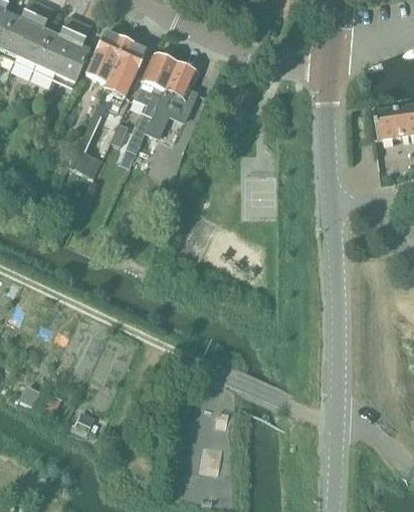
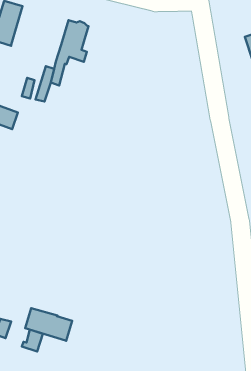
building: [106,40,146,91] -> none
building: [133,53,175,108] -> none
building: none -> [25,308,72,341]

